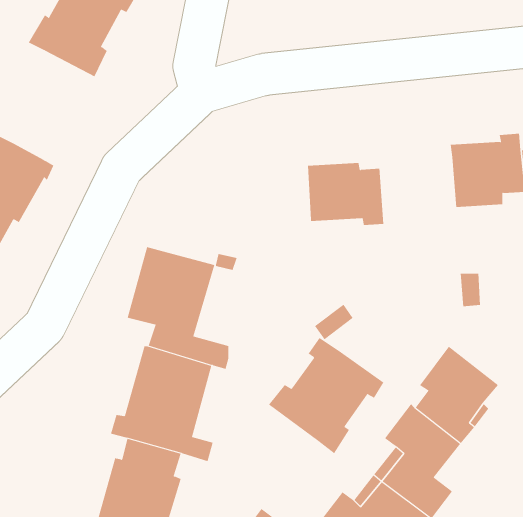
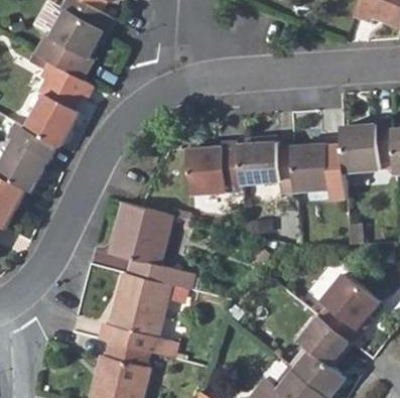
building: none -> [26,61,92,146]
building: none -> [290,138,345,192]
building: none -> [187,141,241,194]
building: [268,337,384,454] -> none

